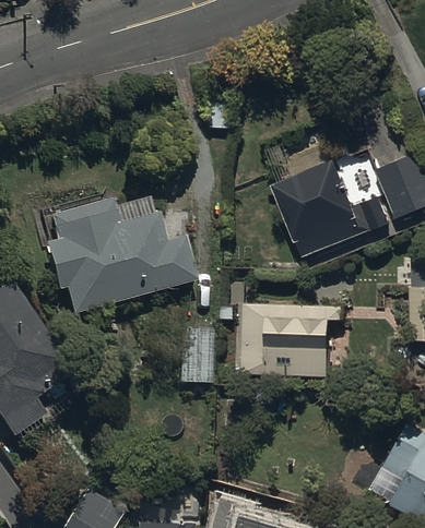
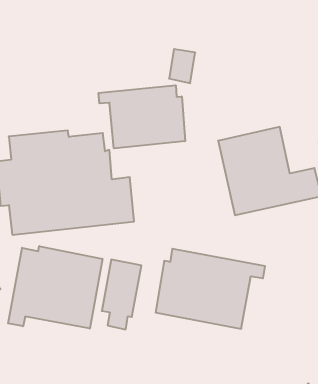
building: none -> [99,85,185,148]
building: none -> [8,246,102,329]

